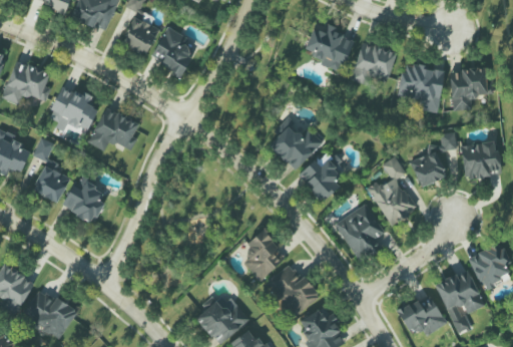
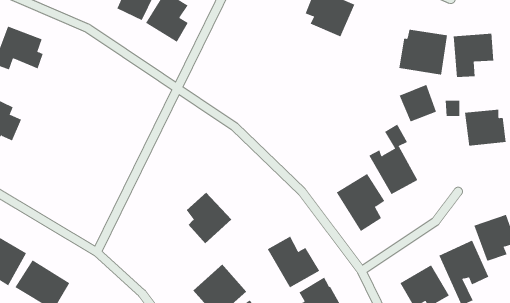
building: [350,41,396,84] -> none
building: [47,84,97,131] -> none
building: [87,106,139,150] -> none
building: [268,117,322,170] -> none
building: [32,137,69,203] -> none
building: [409,149,446,187] -> [399,84,437,122]
building: [298,151,347,202] -> none
building: [62,177,104,224] -> none
building: [241,230,287,281] -> [186,192,232,244]

